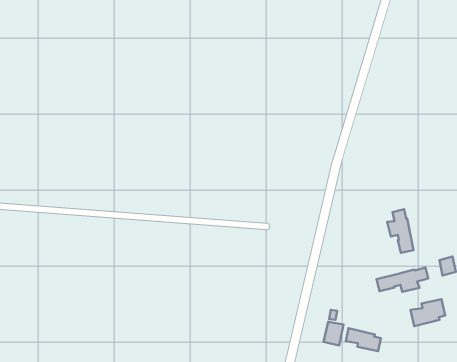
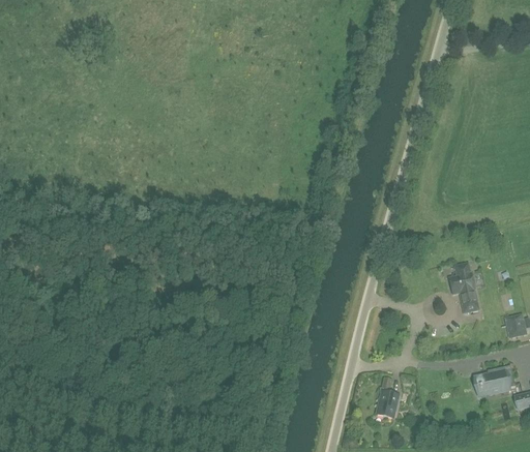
building: [376,268,428,292] -> none
building: [346,328,381,351] -> none

